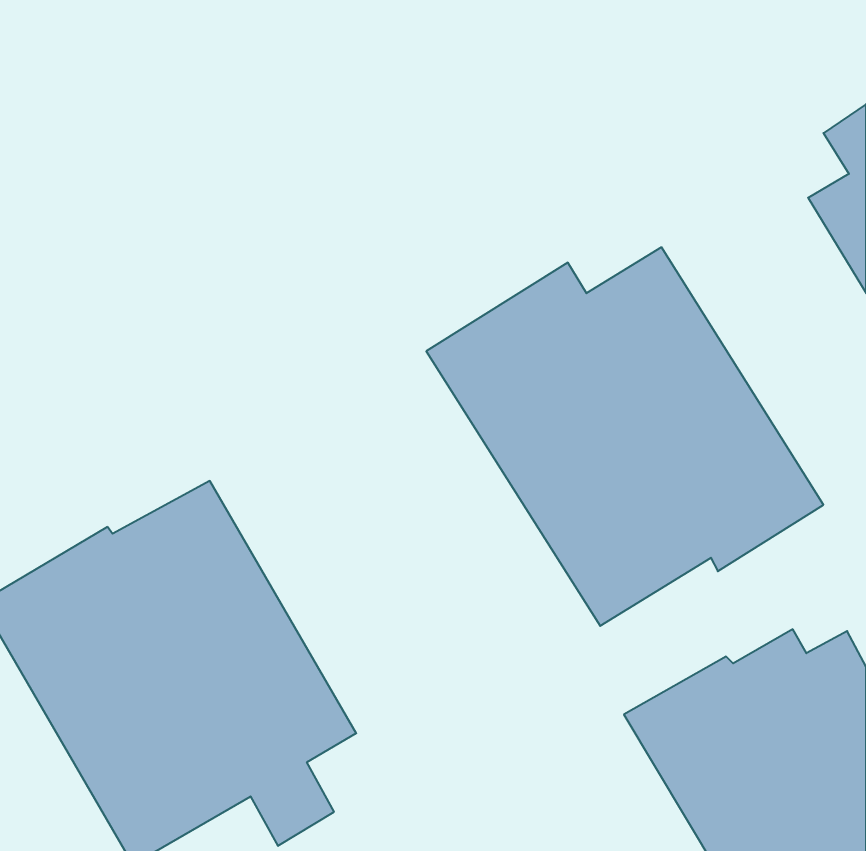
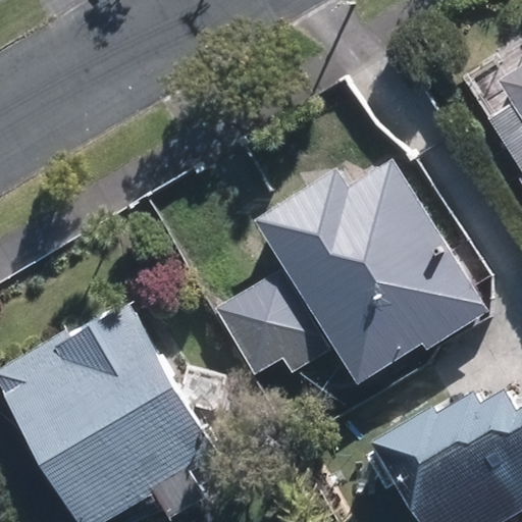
building: none -> [215,273,331,380]

